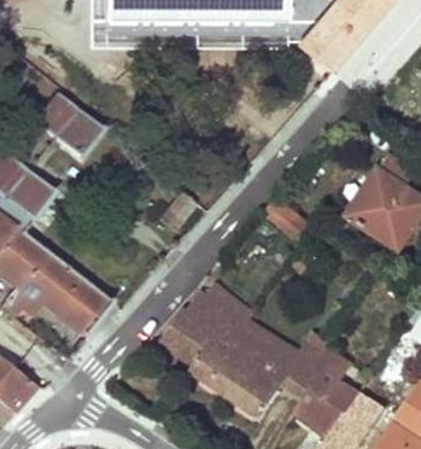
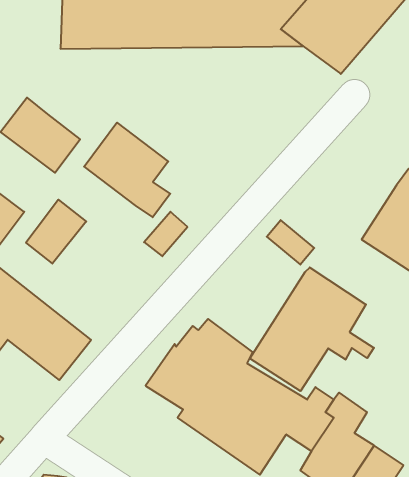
building: none -> [84,123,170,217]
building: none -> [26,200,86,264]
building: none -> [250,267,374,391]

